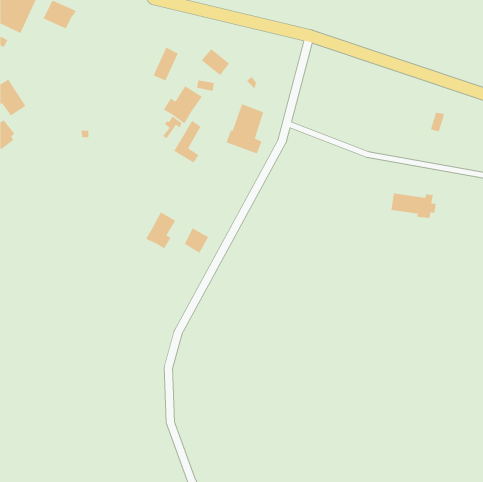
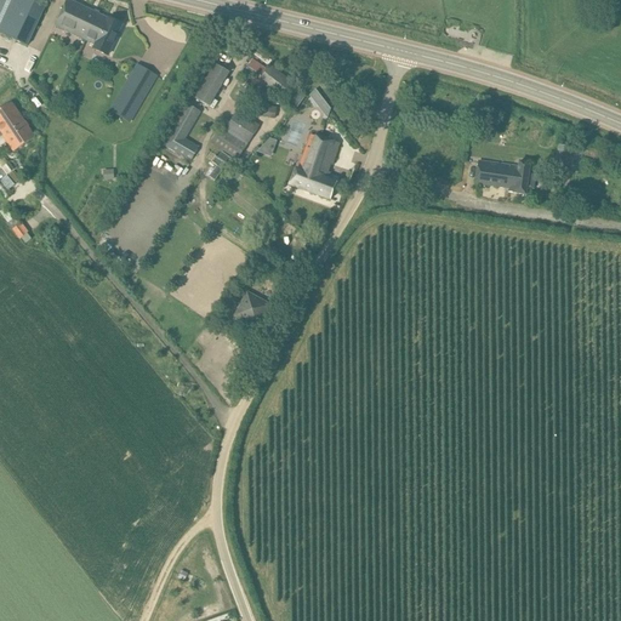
building: none -> [85,13,121,53]
building: none -> [110,63,156,120]
building: [173,120,201,163] -> [163,102,199,158]
building: [390,192,437,219] -> [474,159,534,193]
building: [145,211,176,250] -> none

